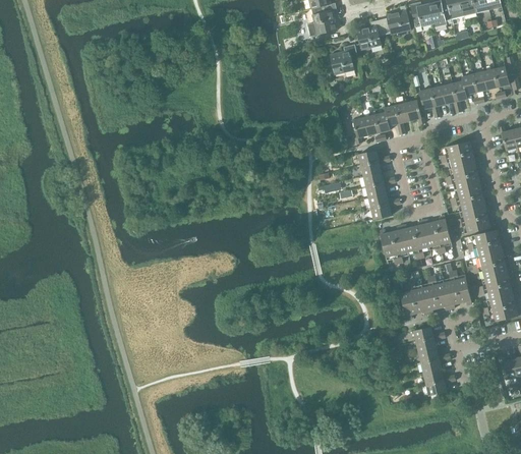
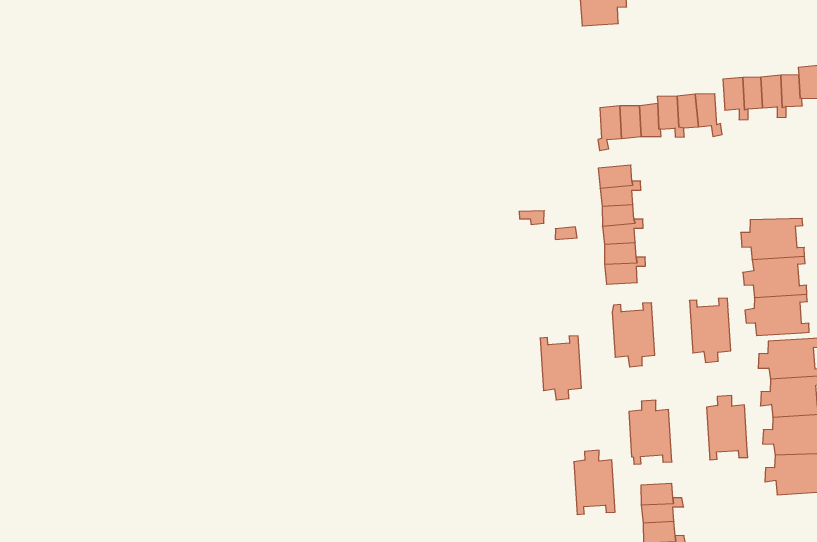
building: [440,140,478,169] -> none
building: [401,221,429,260] -> [540,336,581,400]
building: [421,276,450,315] -> [574,450,615,514]

